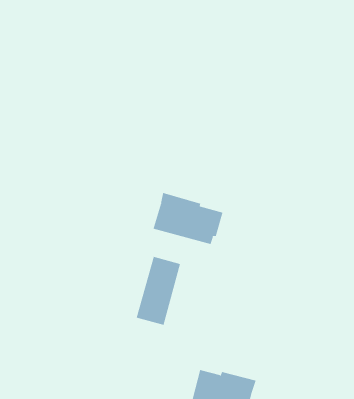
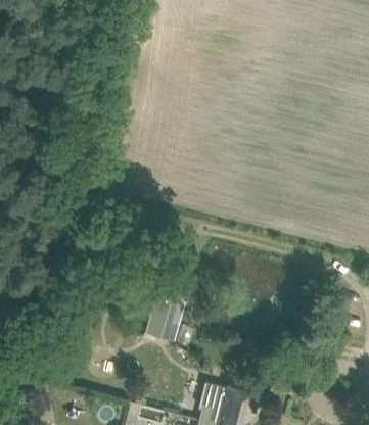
building: [153,192,223,245] -> none

